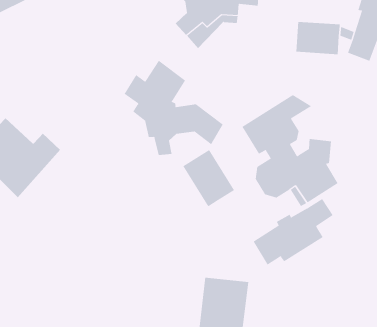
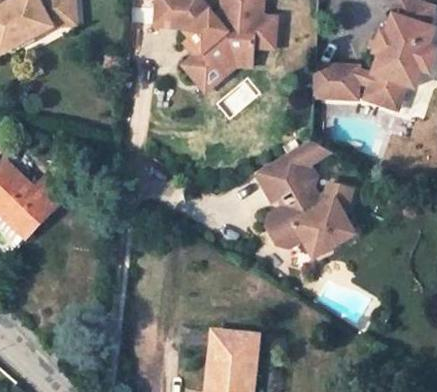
building: [124,60,224,156] -> none
building: [182,149,235,207] -> none
building: [253,198,334,266] -> none

